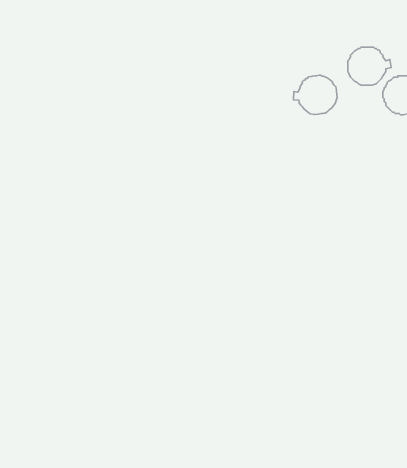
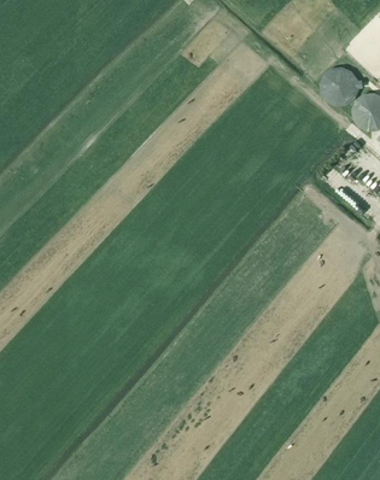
building: [293,75,337,115] -> none

